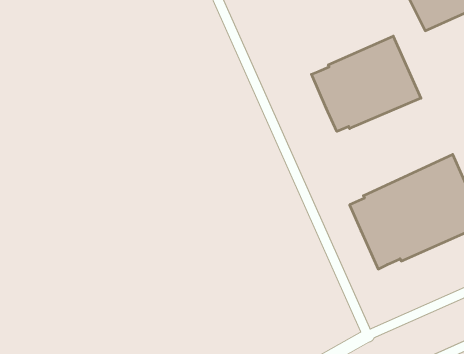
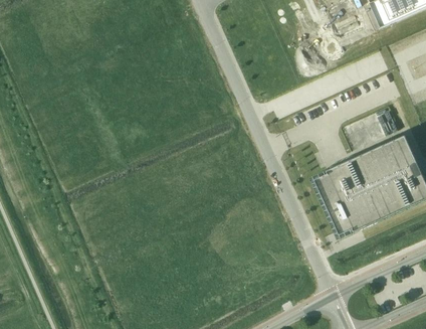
building: [311,36,421,131] -> none

